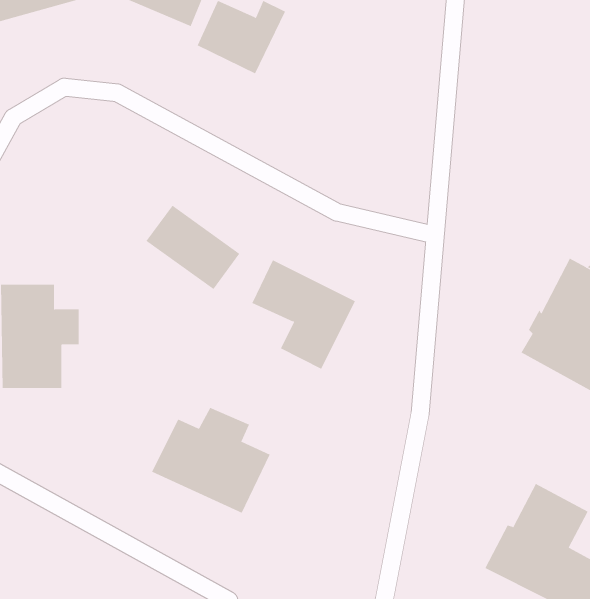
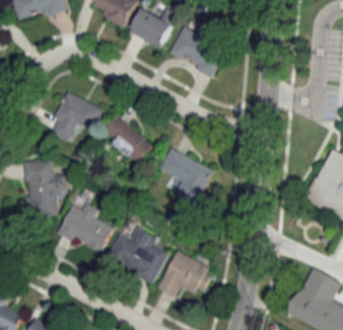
building: none -> [168,23,223,75]
building: none -> [49,92,102,142]
building: none -> [57,202,113,254]
building: none -> [158,250,212,297]

